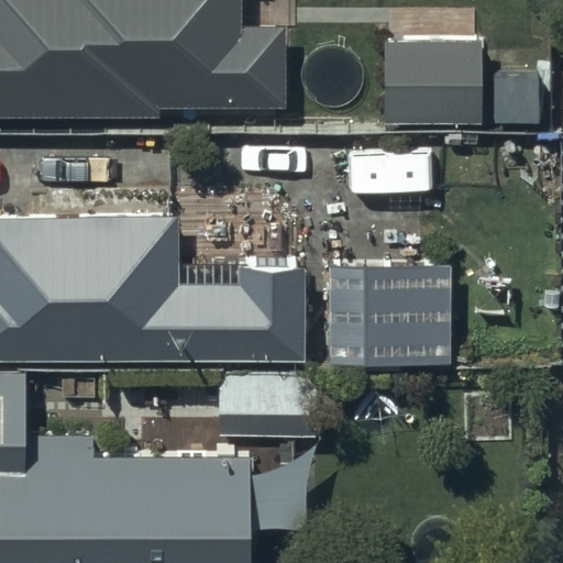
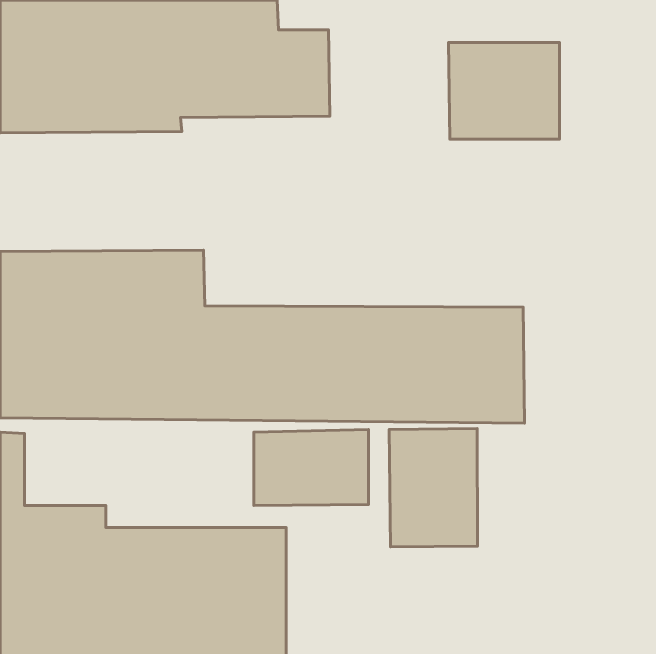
building: none -> [389,428,477,547]

